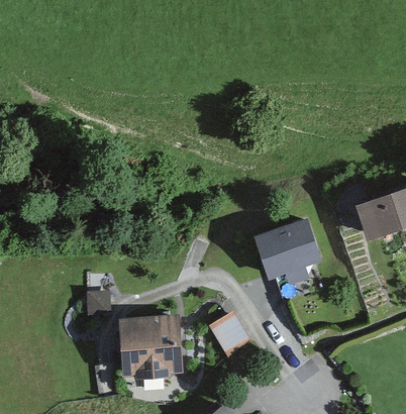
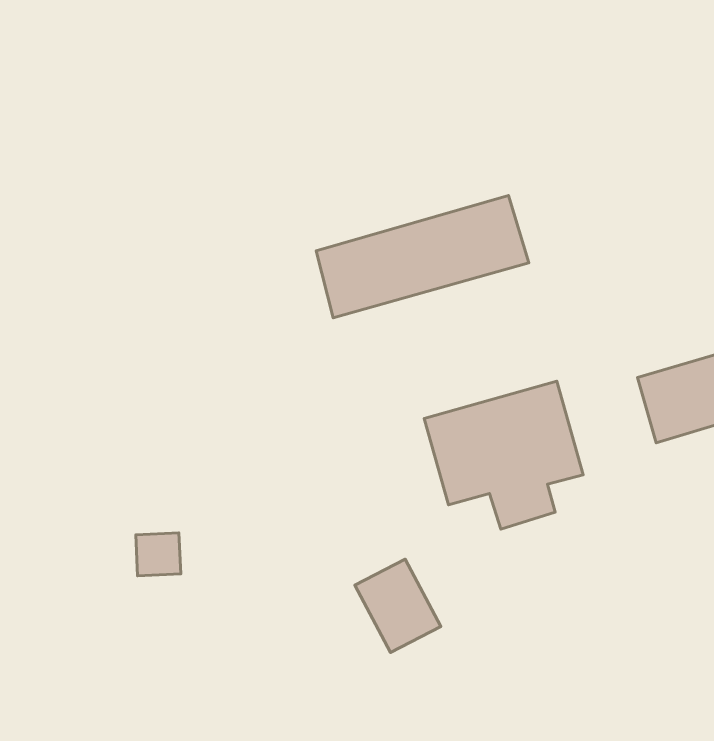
building: none -> [316,195,529,318]
building: [113,314,182,378] -> none

